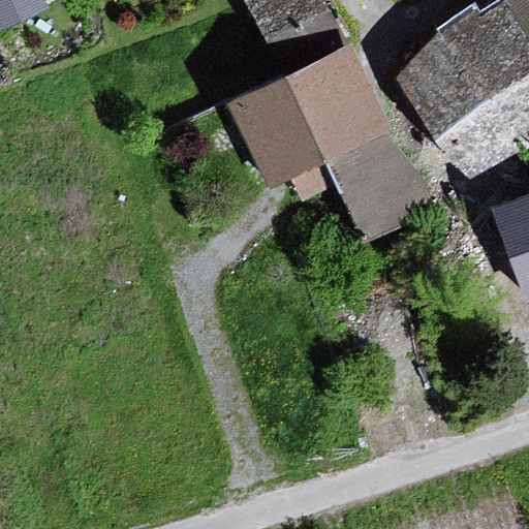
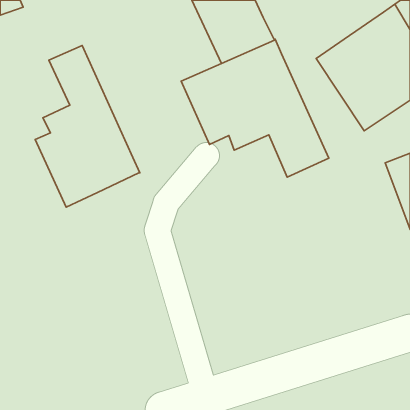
building: none -> [35,46,140,207]

